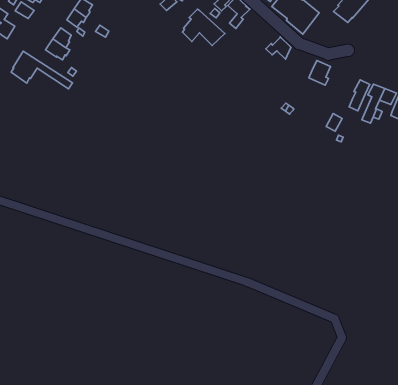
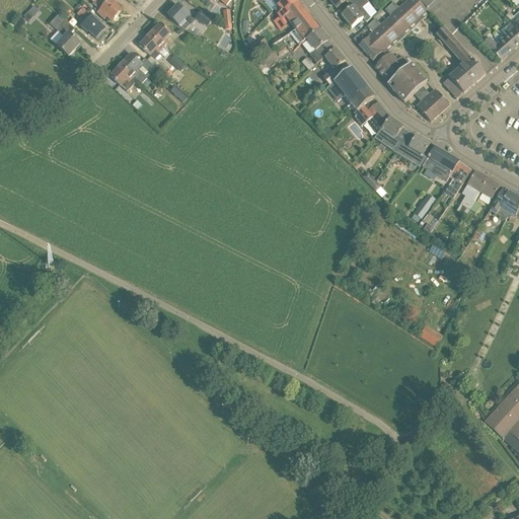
building: [182,9,225,45] -> [327,64,375,107]
building: none -> [416,86,449,121]
building: none -> [376,115,409,152]
building: [11,51,72,89] -> none
building: none -> [423,145,461,175]

